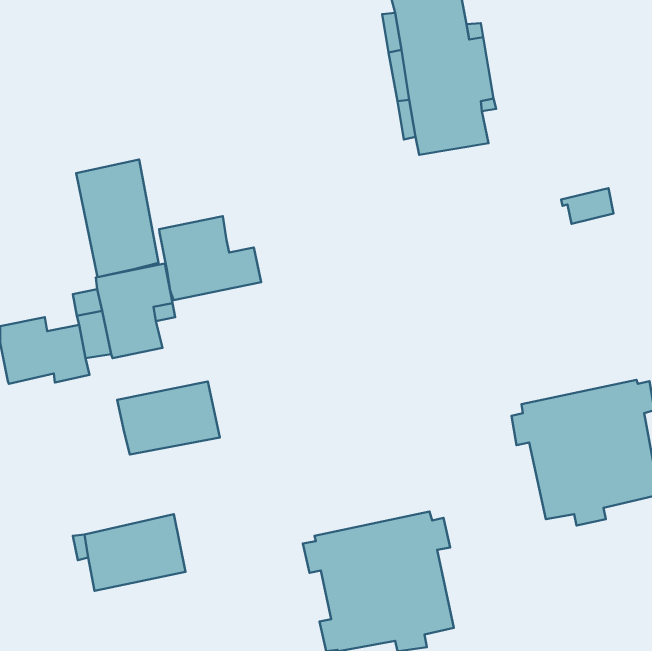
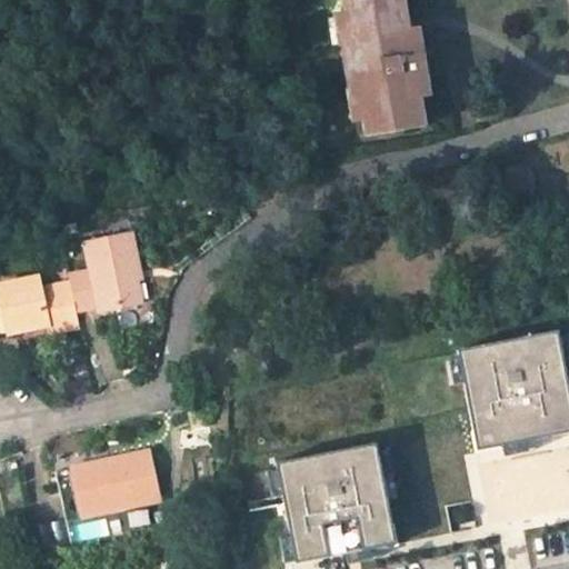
building: [76,160,158,277] -> none
building: [159,216,261,300] -> none
building: [117,381,220,454] -> none

